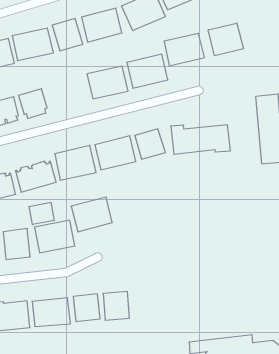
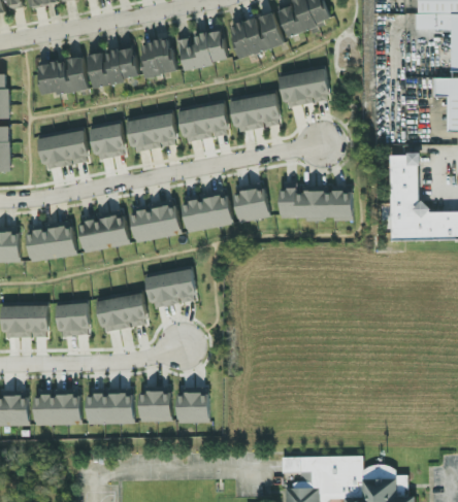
building: [208,23,244,56] -> none
building: none -> [126,113,175,153]
building: [29,202,54,225] -> none

